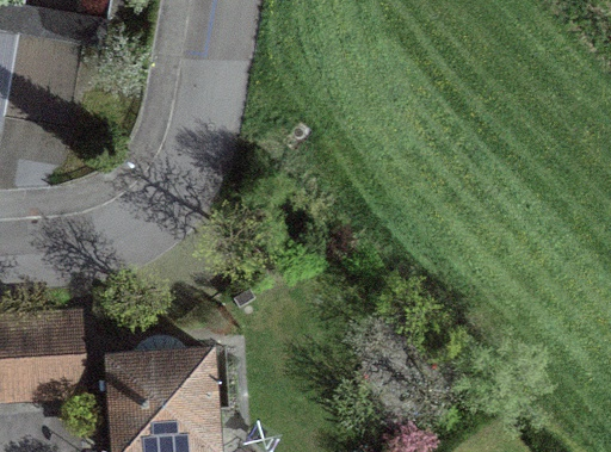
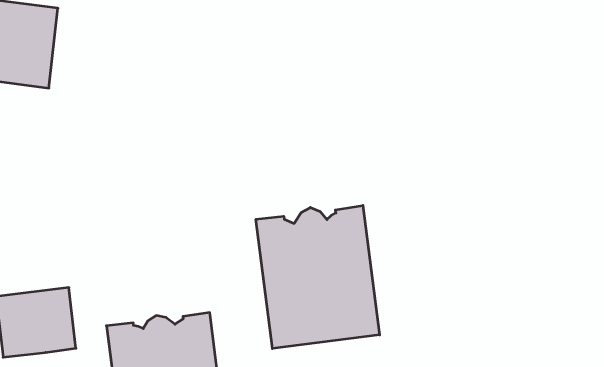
building: none -> [256,205,380,349]

